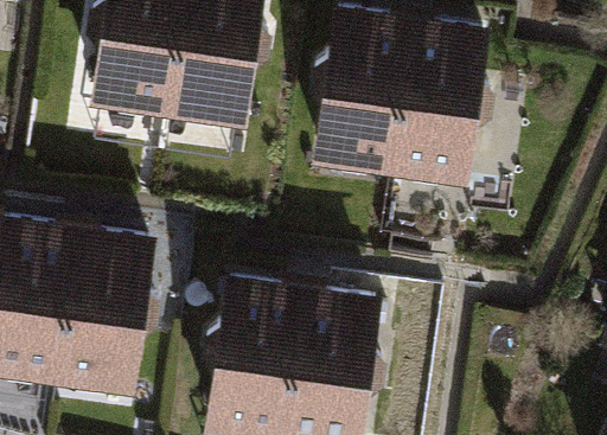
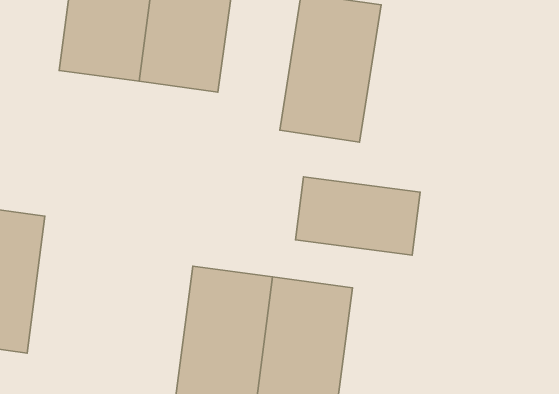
building: [390,17,491,165] -> none
building: none -> [295,177,420,255]
building: [59,226,156,373] -> none

